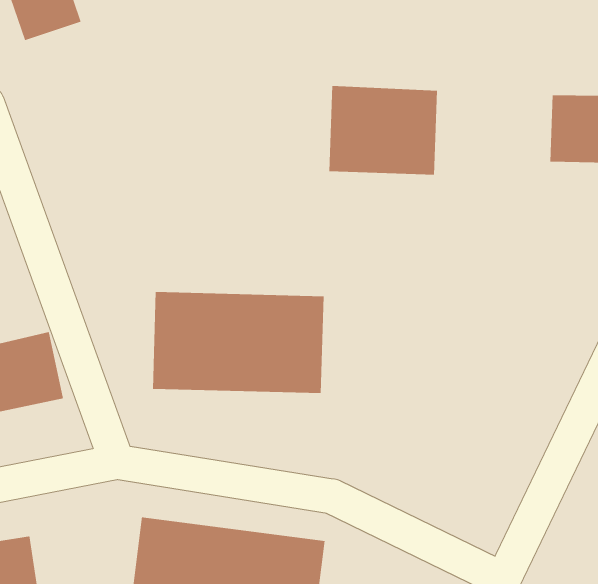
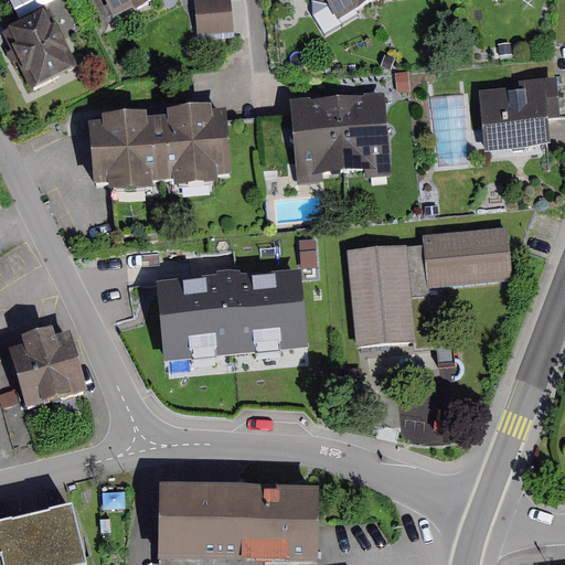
building: none -> [92,111,232,183]
building: none -> [345,227,510,345]

